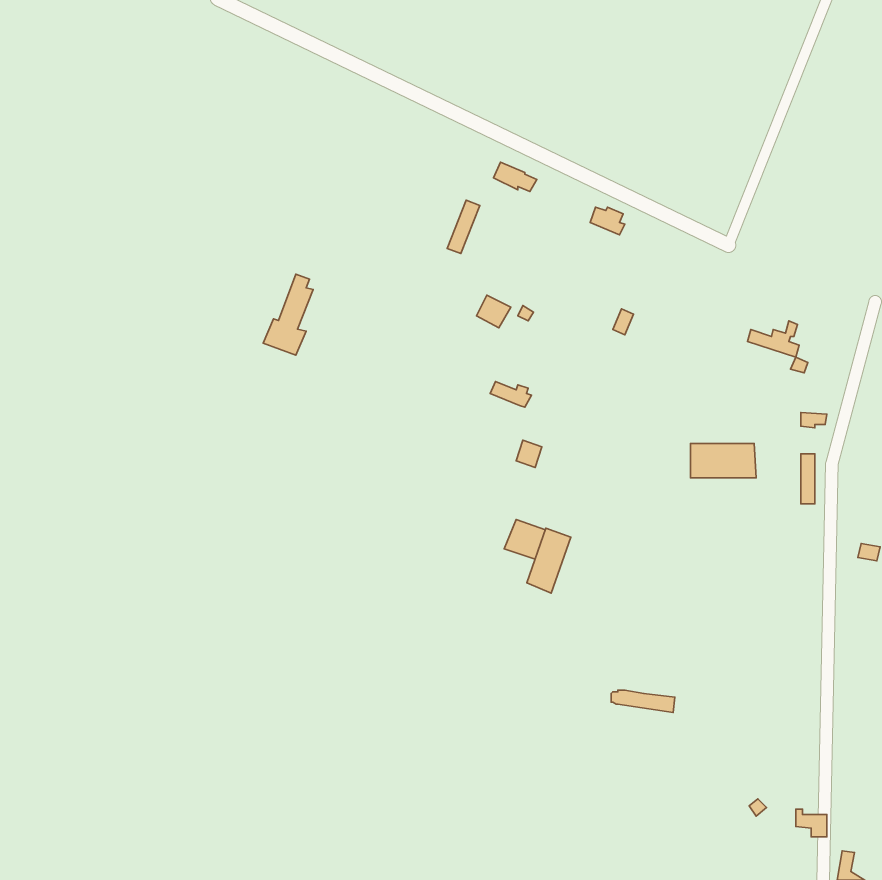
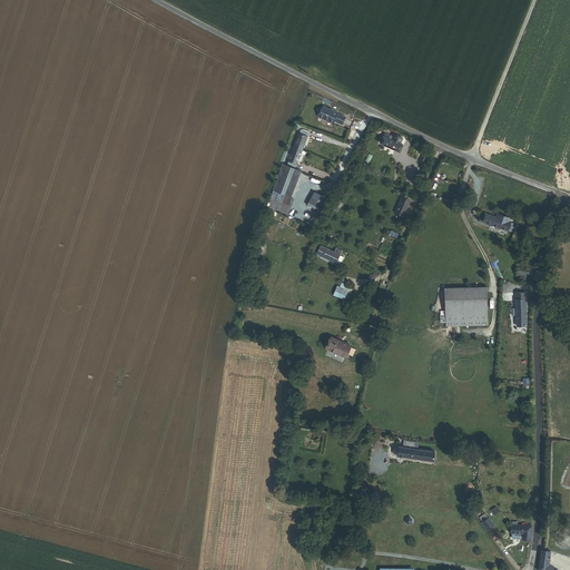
building: [263,274,313,355] -> [267,160,299,213]
building: none -> [441,308,488,324]
building: [527,528,571,593] -> none

